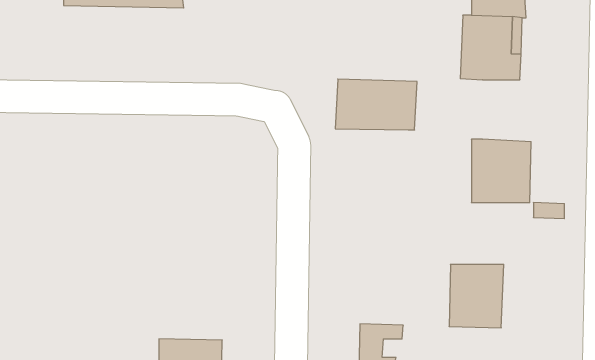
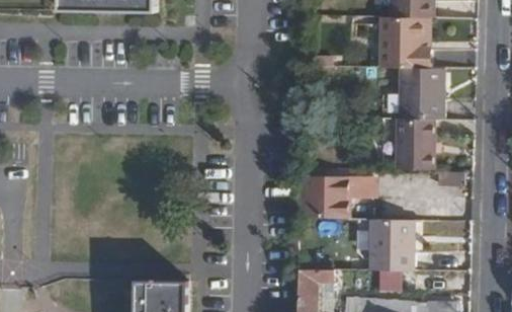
building: [335,79,417,130] -> [311,177,377,219]
building: none -> [397,68,443,119]

